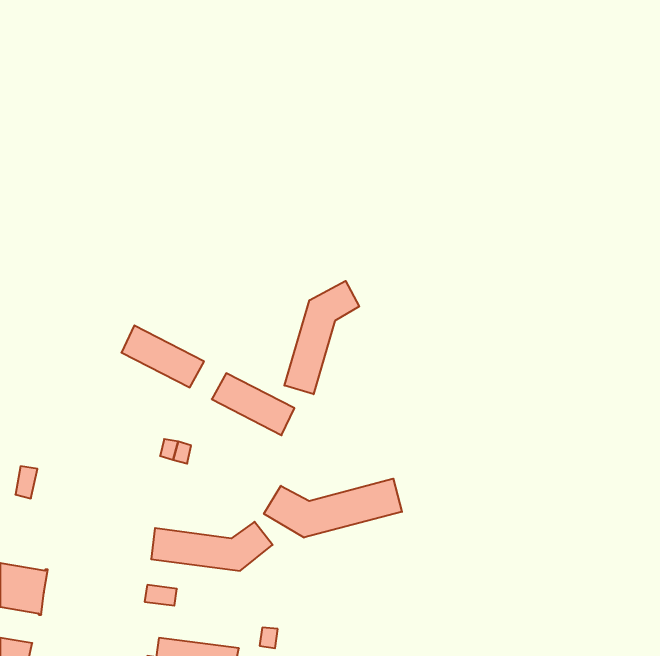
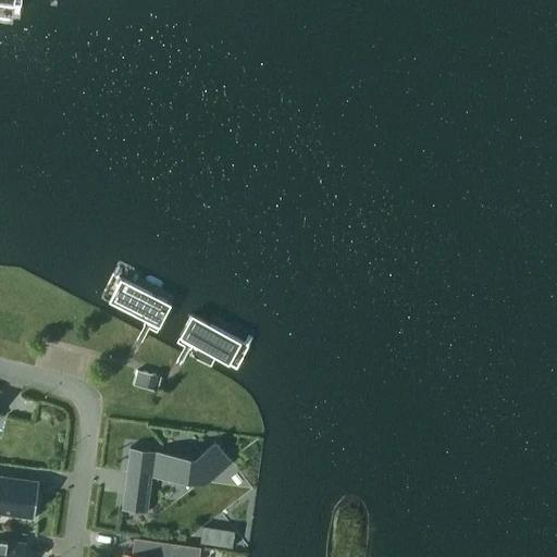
building: [284,281,359,394] -> none
building: [264,479,402,538] -> none

